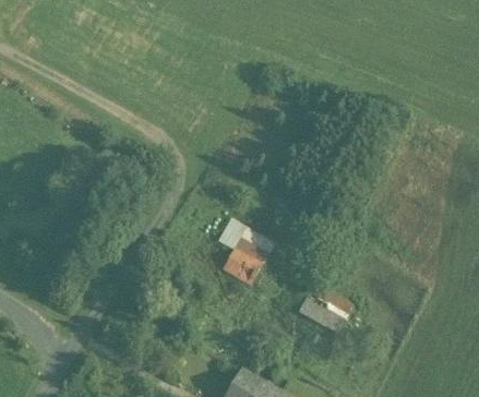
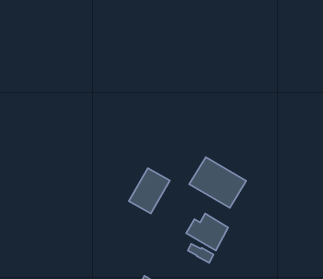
building: none -> [189,157,246,208]

